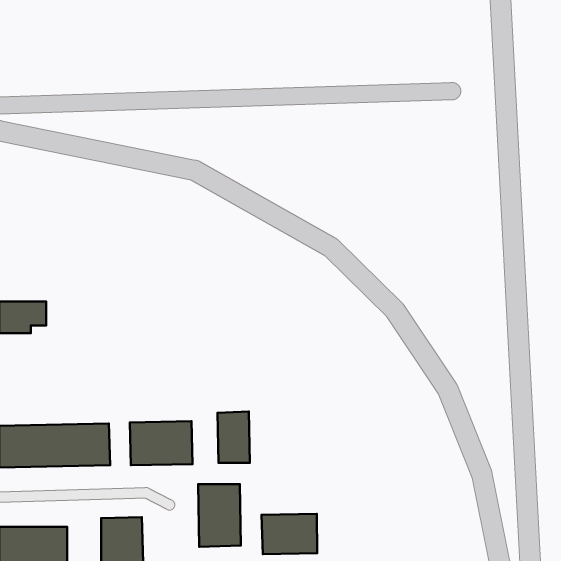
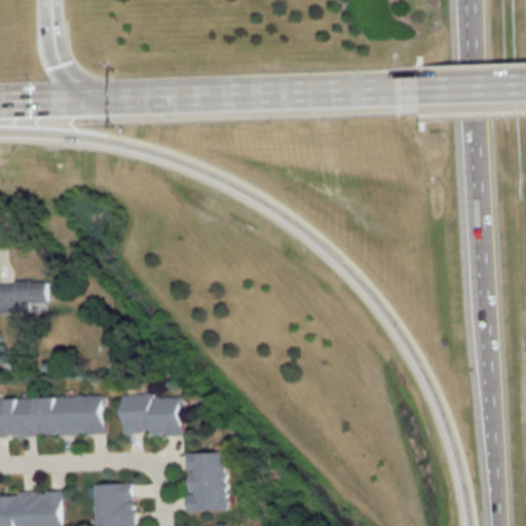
building: [217,412,250,463] -> none
building: [262,514,317,554] -> none

